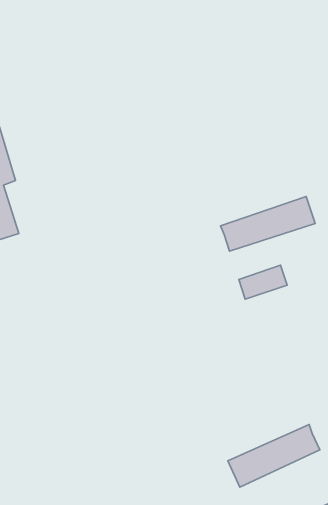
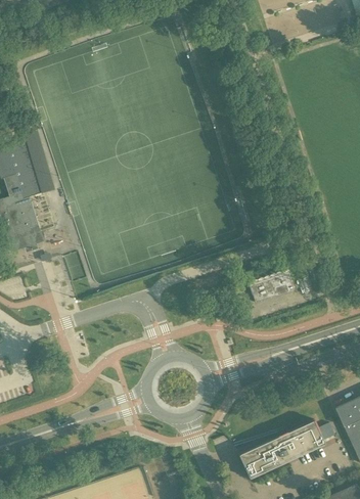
building: [221,197,315,251] -> none

